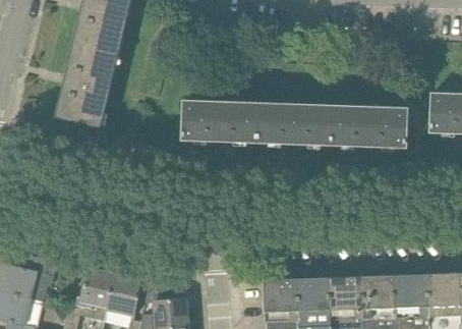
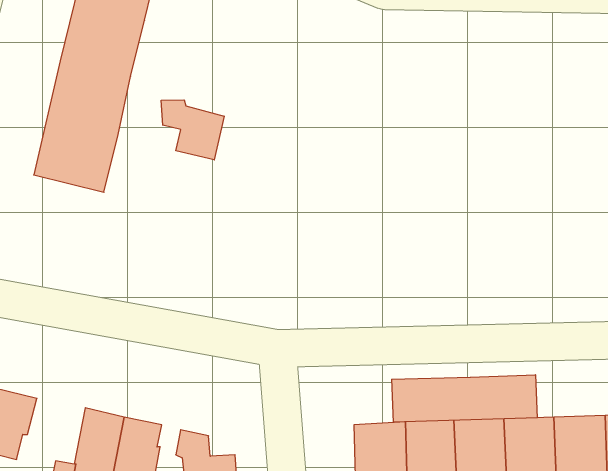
building: none -> [161,100,224,160]
building: [182,101,407,147] -> none
building: none -> [392,375,537,422]

